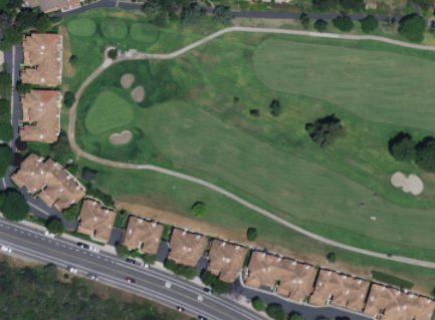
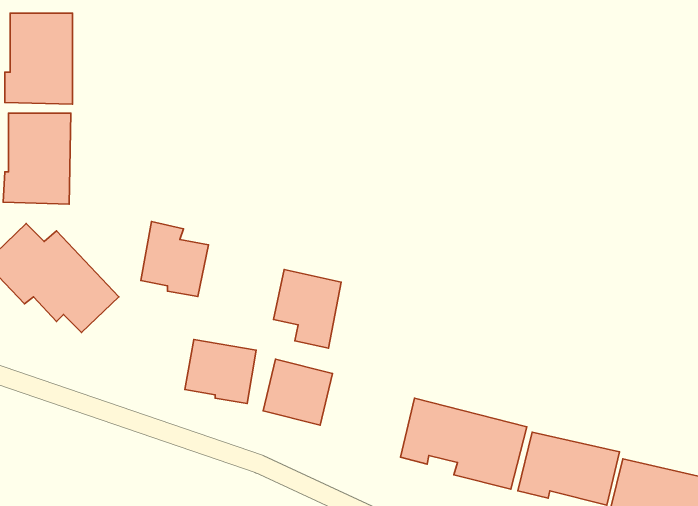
building: [77,199,116,241] -> [141,222,208,296]
building: [206,240,244,284] -> [273,270,341,348]

